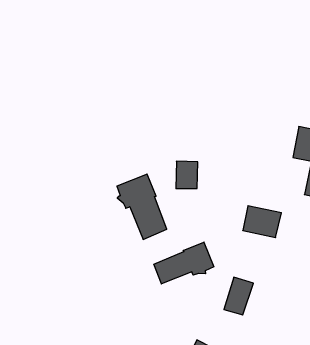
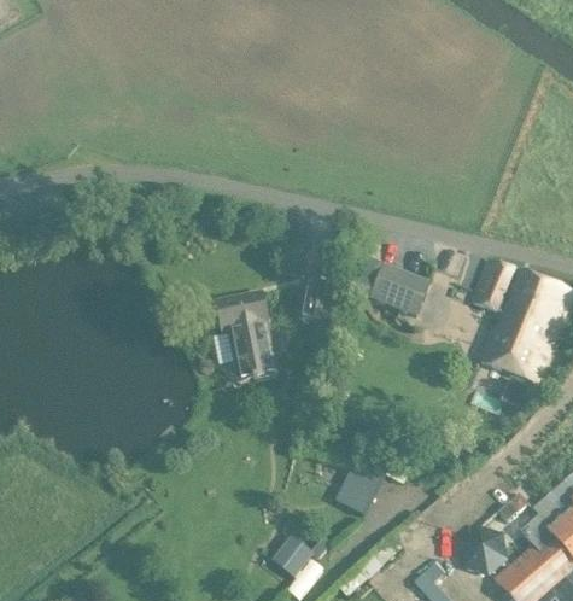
building: [243,206,281,238] -> [370,263,429,315]
building: [154,242,214,284] -> none

